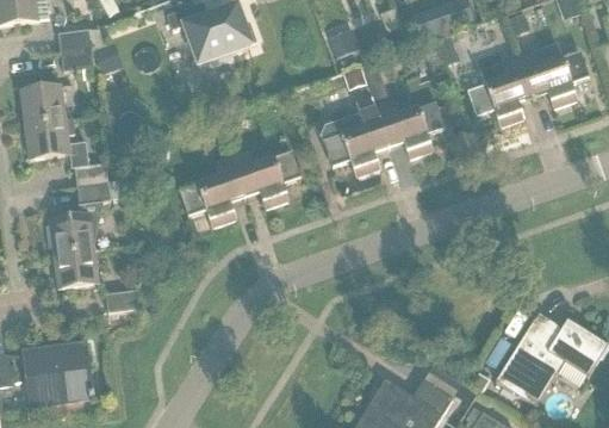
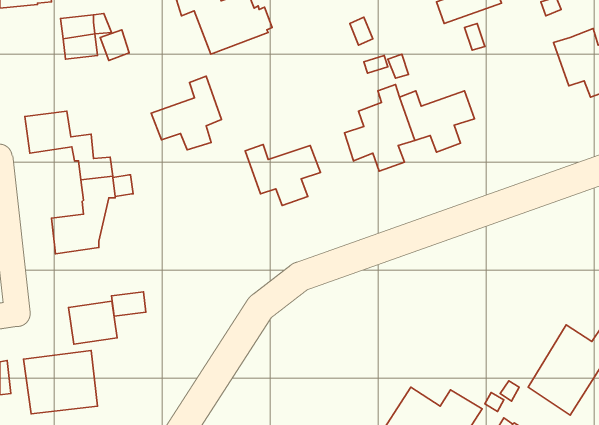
building: [467,55,533,125] -> none
building: [20,85,63,124] -> none
building: [179,156,244,225] -> [151,76,221,150]
building: [52,247,98,287] -> [69,301,117,344]

